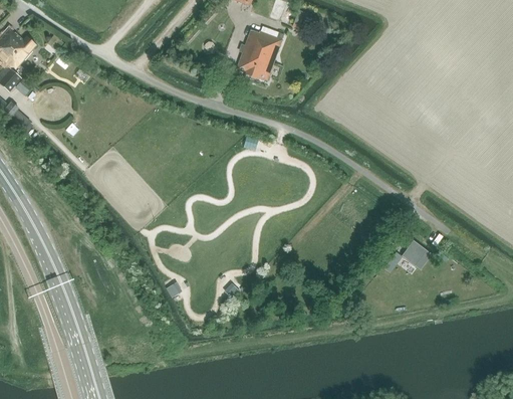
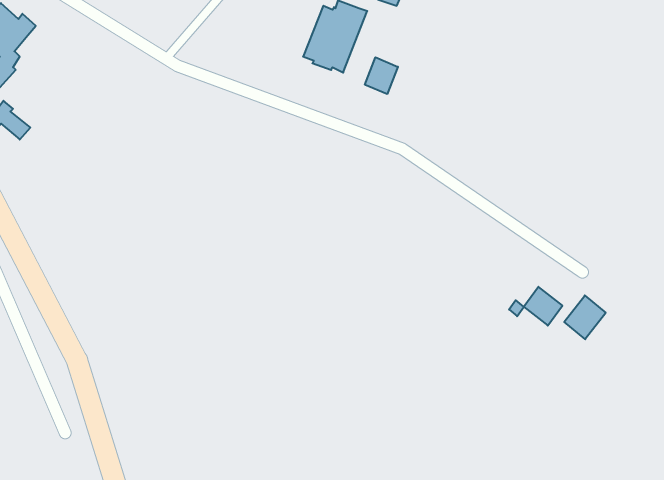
building: none -> [365,57,398,94]
building: none -> [564,295,606,339]

